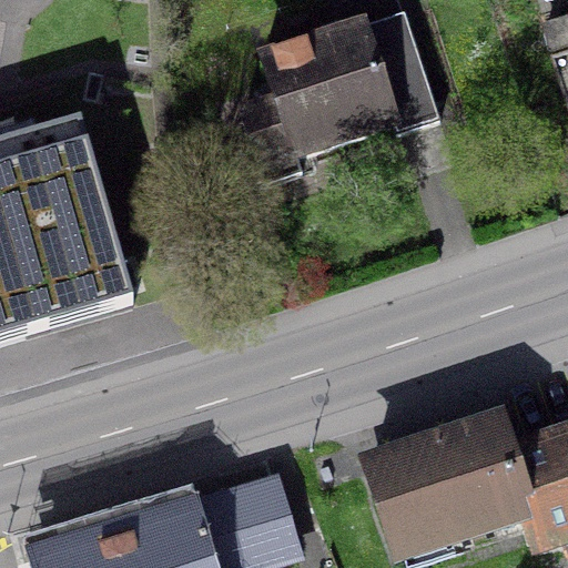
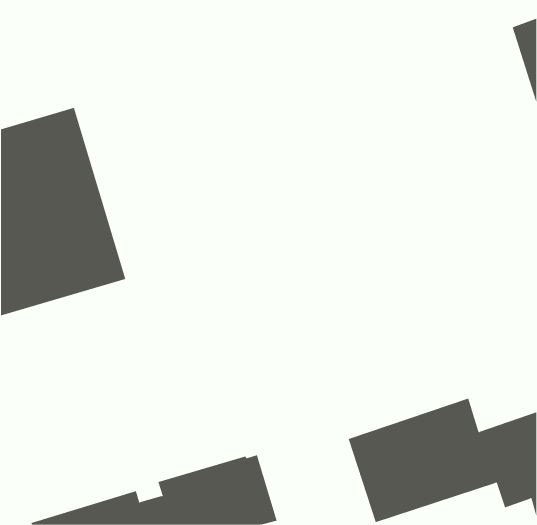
building: [237,9,437,182] -> none

